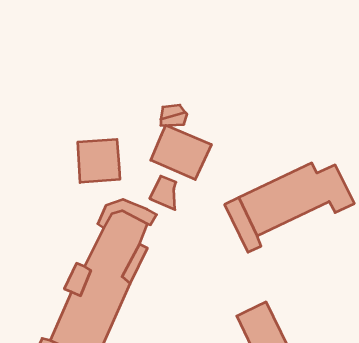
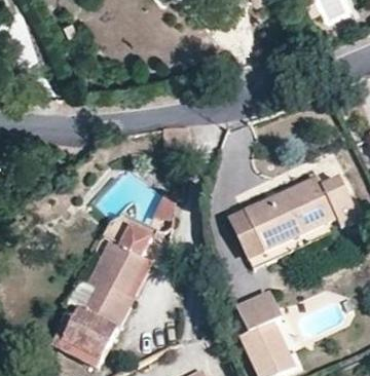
building: [151,125,211,180] -> none
building: [78,139,120,183] -> none
building: none -> [234,286,279,329]

